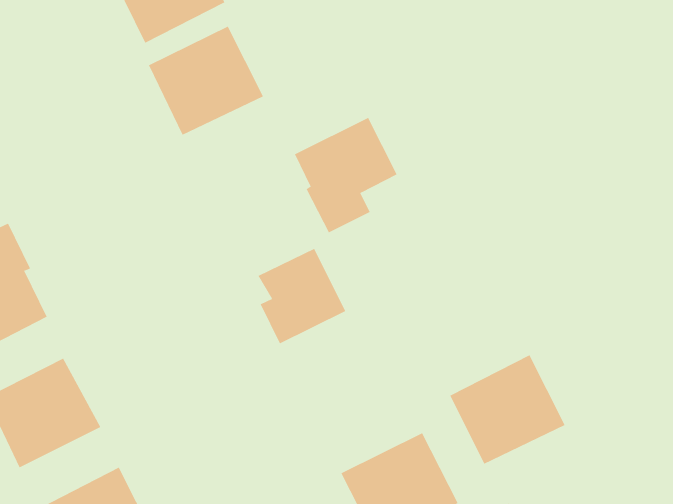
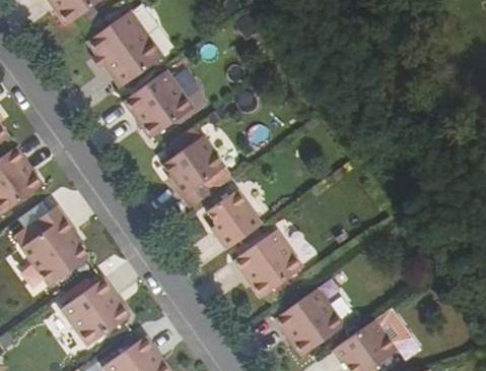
building: [294,117,398,233] -> [163,135,225,206]
building: [449,354,565,464] -> [233,229,303,297]

